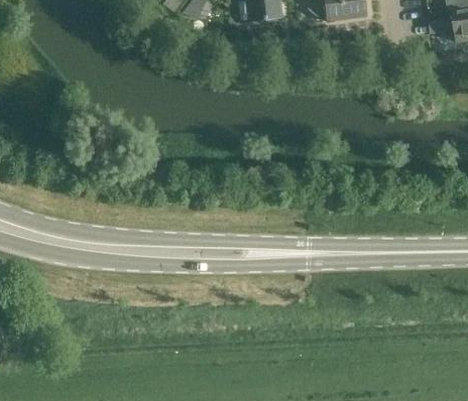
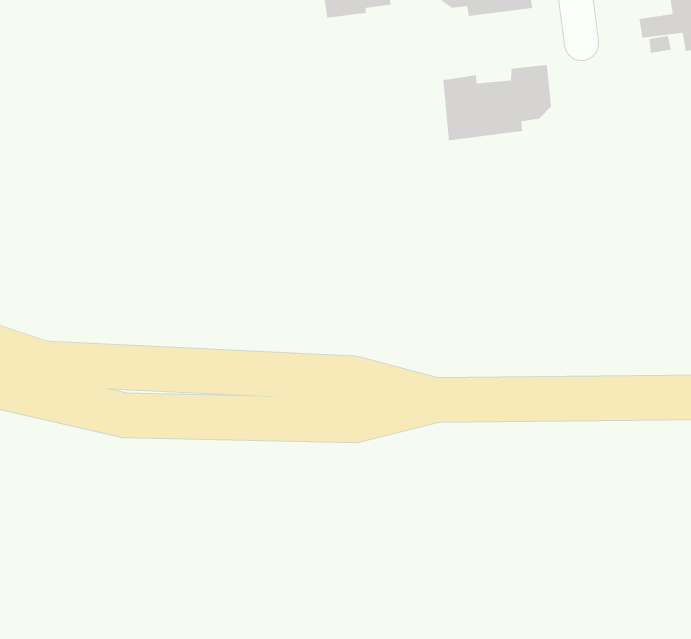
building: none -> [442,64,552,141]

